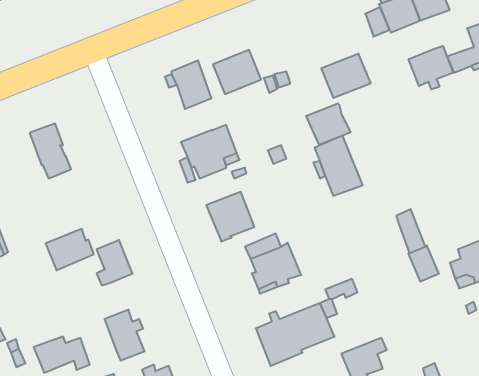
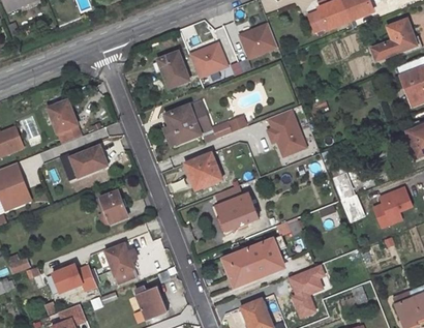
building: [409,46,453,89] -> none
building: [321,54,371,98] -> [239,23,277,57]
building: [306,103,350,145] -> none
building: [46,229,94,270] -> [69,145,107,177]

